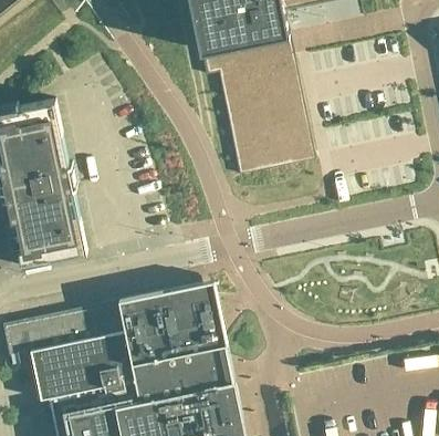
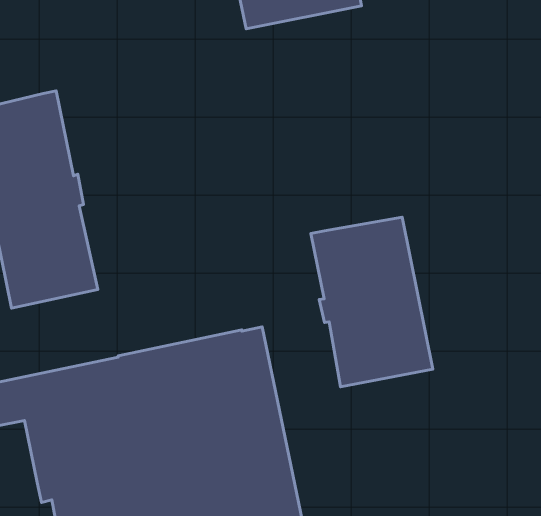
building: [201,35,315,177] -> none
building: none -> [311,217,433,387]

